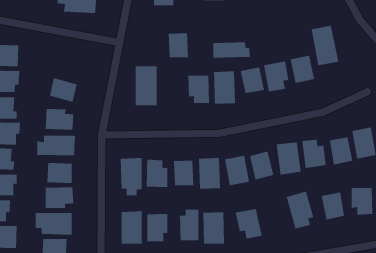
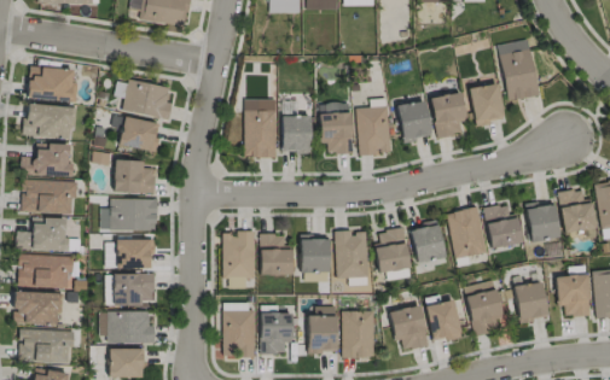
building: [168,33,189,58] -> [281,116,312,152]
building: [213,41,250,59] -> none
building: none -> [115,77,173,118]
building: none -> [425,300,463,340]

